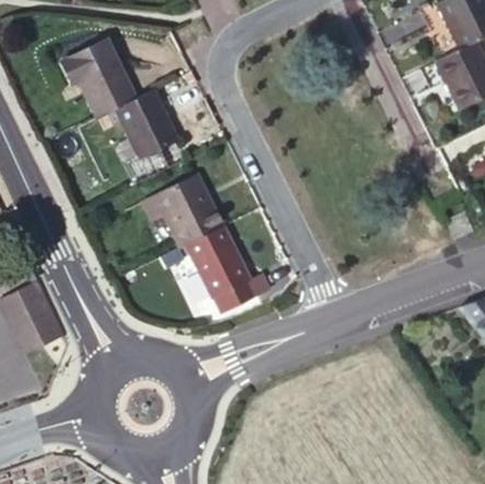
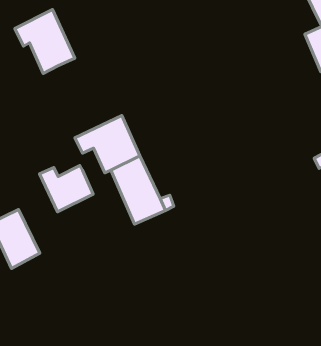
building: [110,86,174,155] -> none
building: none -> [40,165,93,212]

